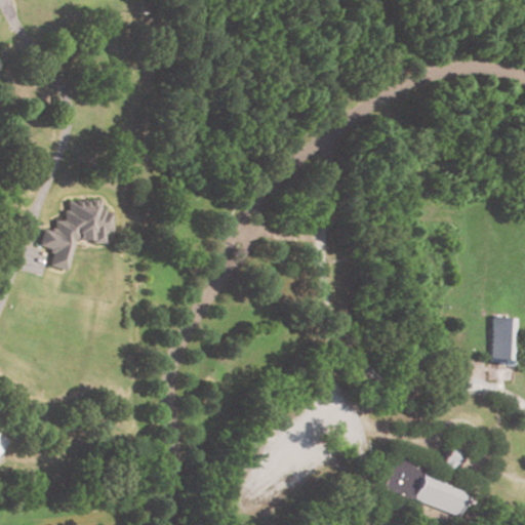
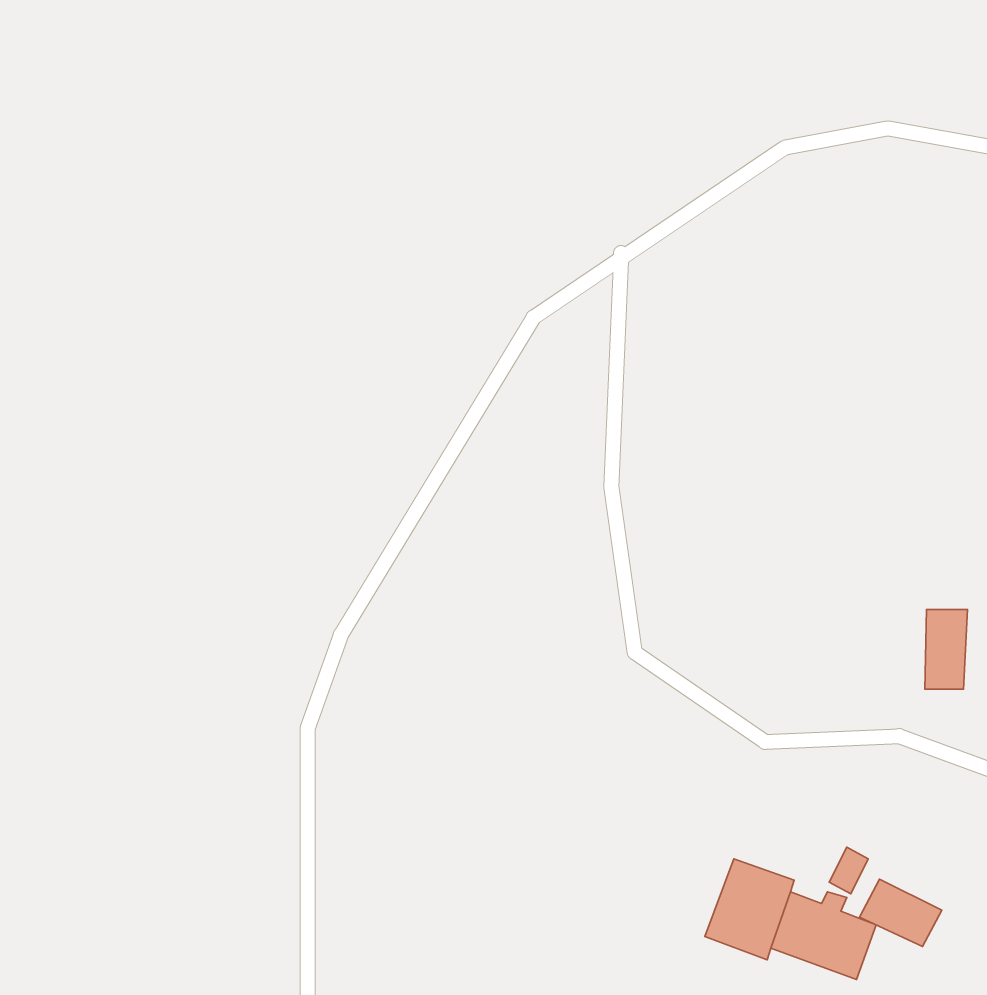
building: [41,199,117,270] -> none
building: none -> [860,879,942,947]

